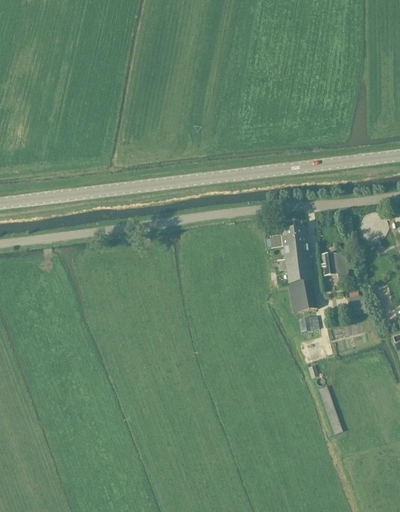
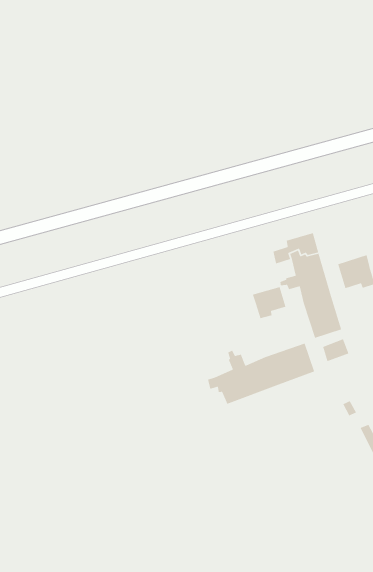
building: none -> [252,286,287,319]
building: none -> [207,342,315,405]

